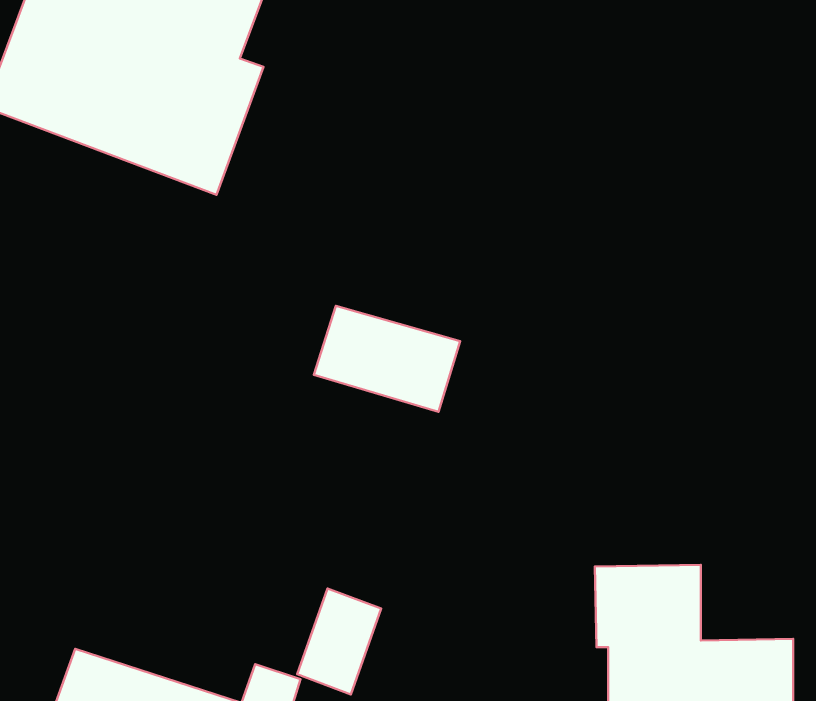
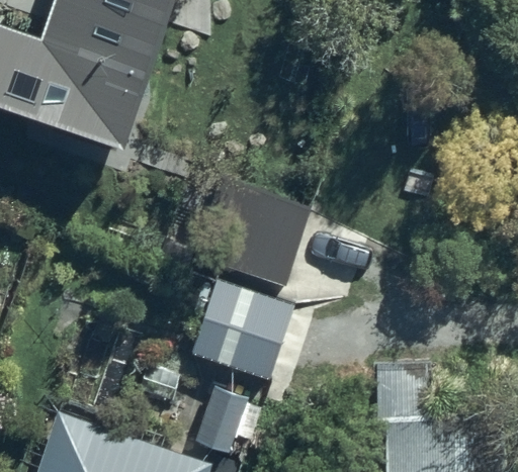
building: none -> [184,275,293,388]

